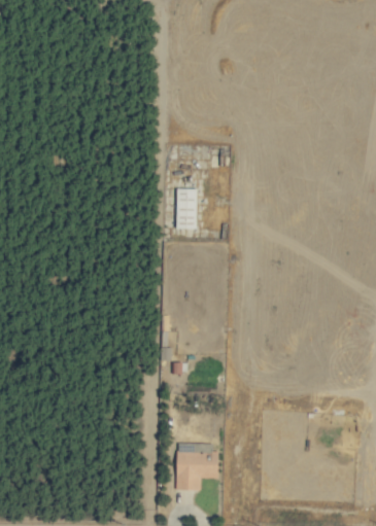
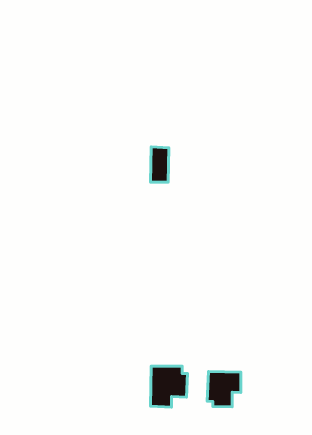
building: none -> [207,371,241,407]

